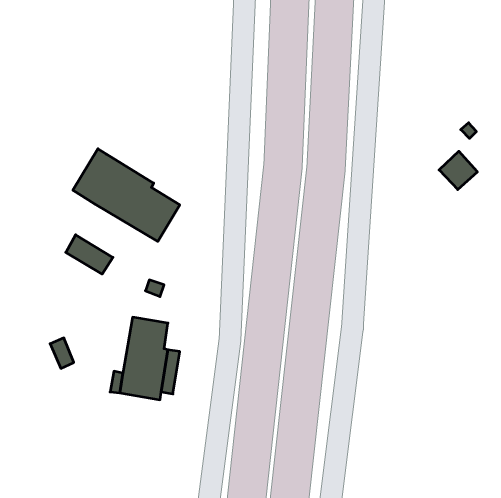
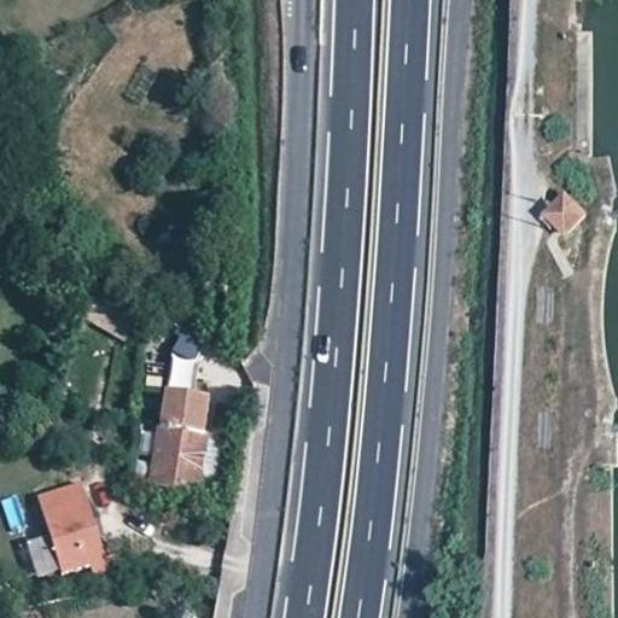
building: [73,149,180,241] -> none
building: none -> [36,482,105,572]

